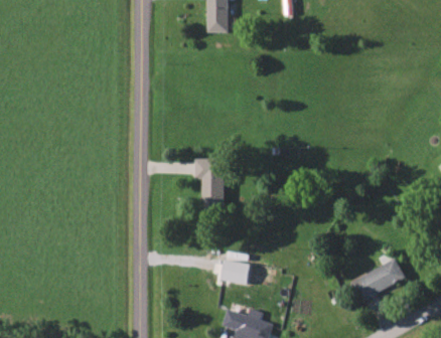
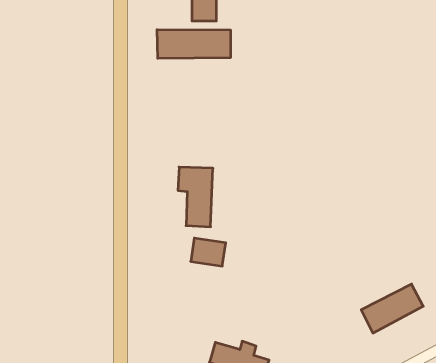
building: none -> [157,30,230,58]
building: [220,260,251,284] -> [191,238,226,266]

